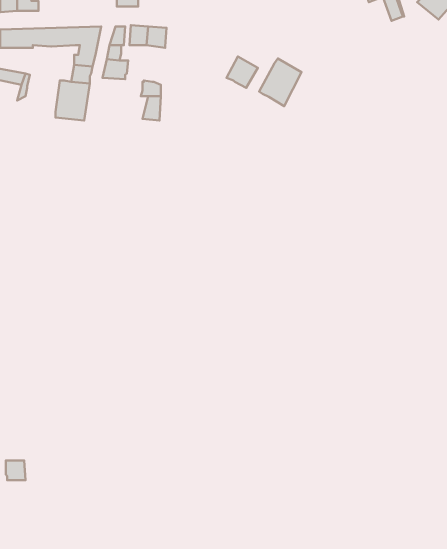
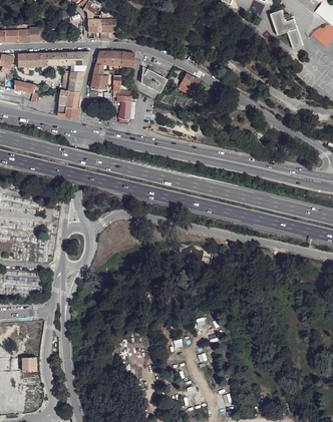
building: none -> [140,66,167,93]
building: [259,58,301,106] -> none

